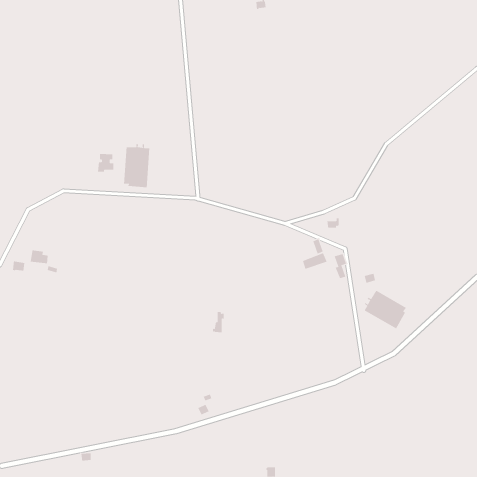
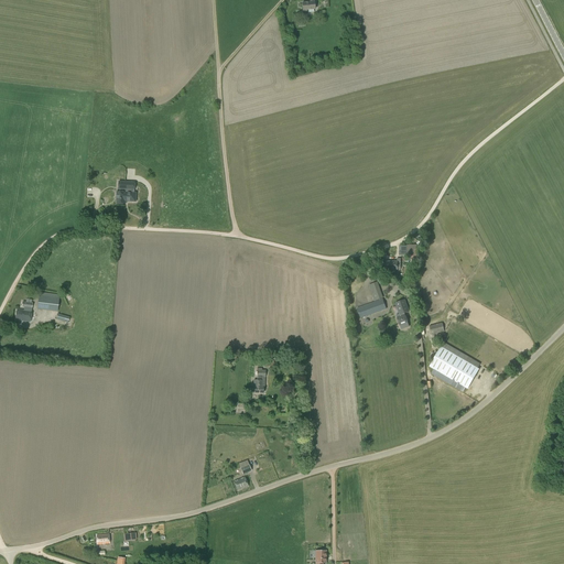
building: [124,144,150,188] -> none

